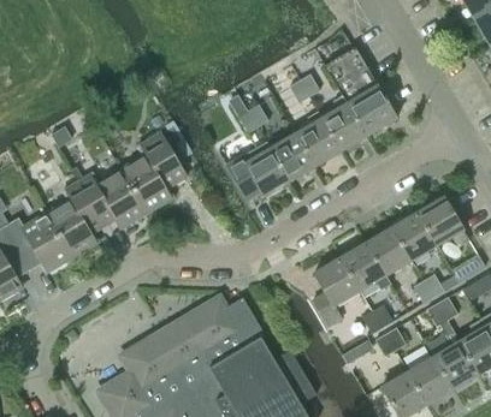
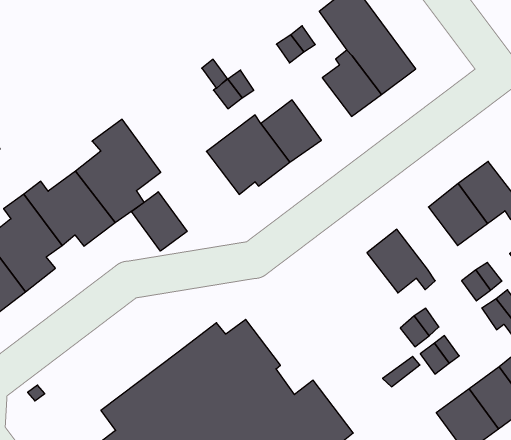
building: [297,112,342,166] -> none
building: none -> [132,192,187,251]
building: [367,227,413,275] -> none
building: [313,257,362,327] -> none

